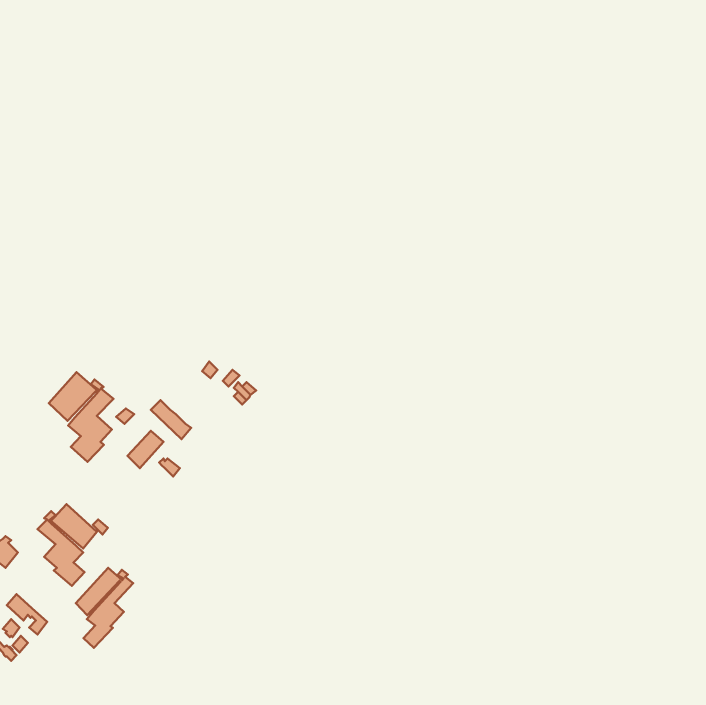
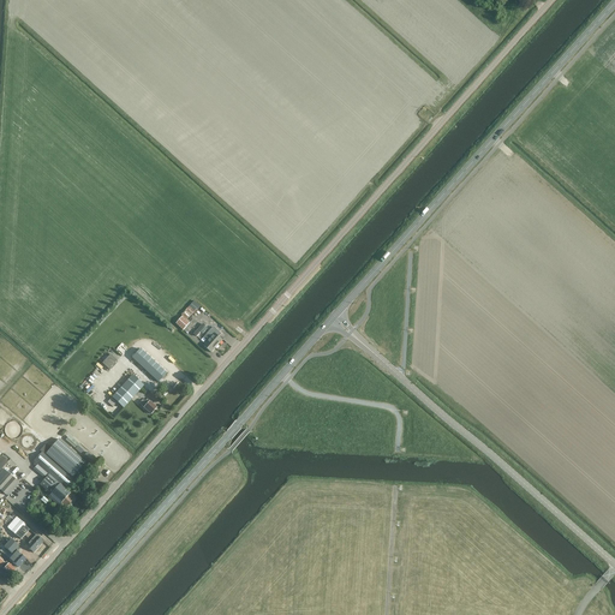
building: [49,372,113,462] -> none
building: [76,568,133,648] -> none

